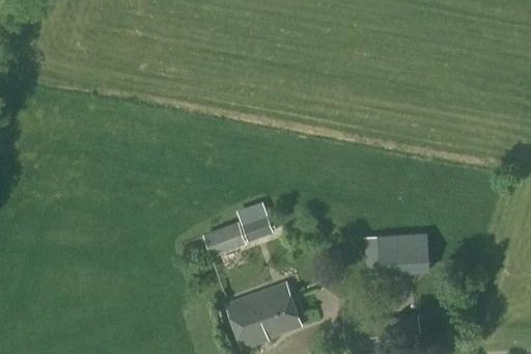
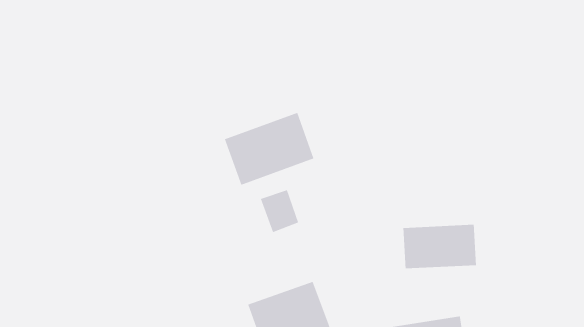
building: none -> [224,112,315,186]
building: [201,222,245,258] -> none

